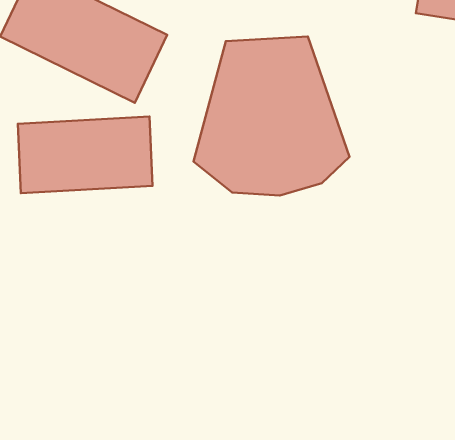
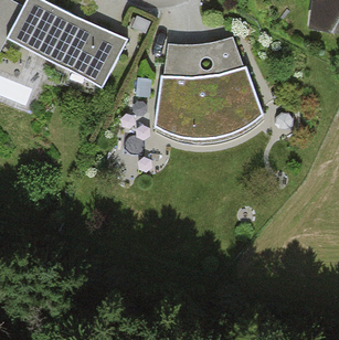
building: [18,117,152,193] -> none

